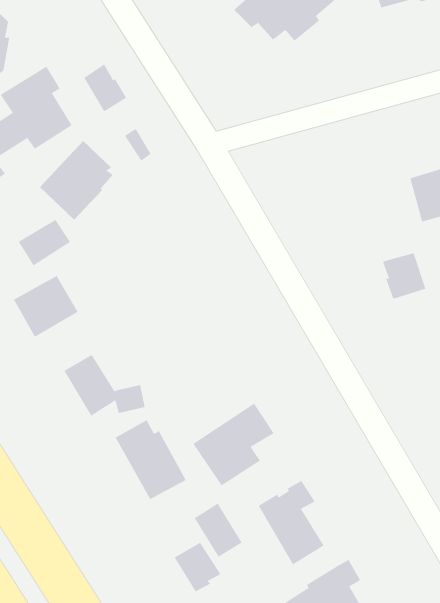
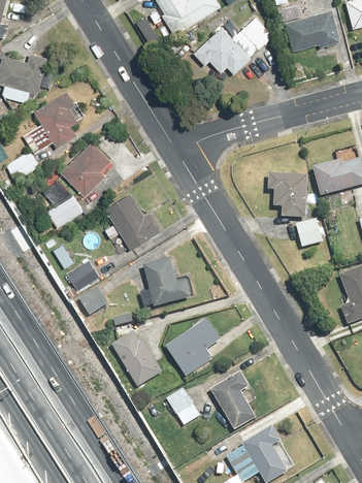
building: [83,64,127,112] -> none
building: none -> [267,172,308,216]
building: none -> [104,192,161,248]
building: none -> [140,257,194,309]
building: none -> [68,260,98,289]
building: [174,542,221,592] -> none

